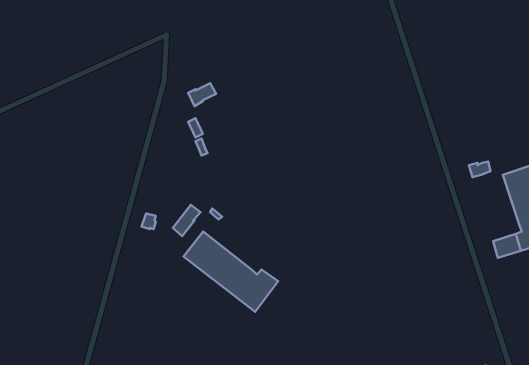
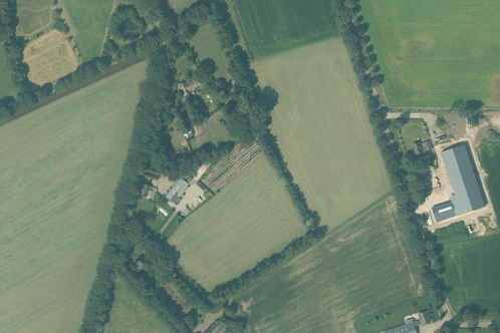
building: [183,232,278,312] -> none

